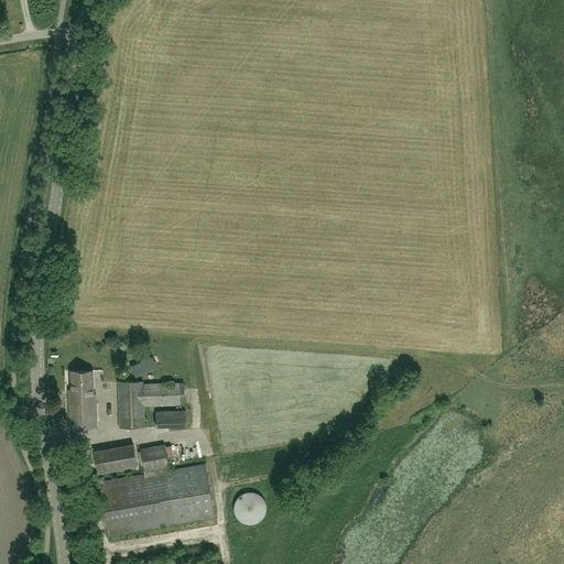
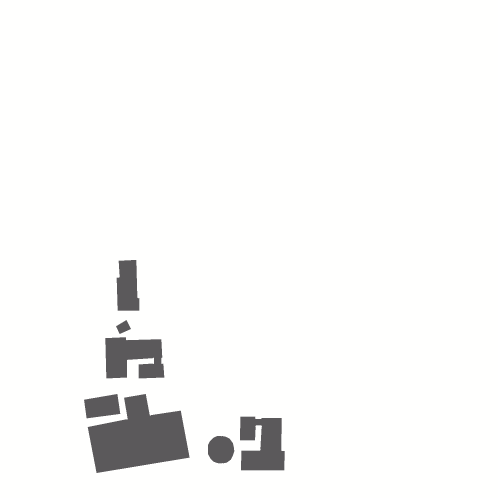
building: [68,370,96,429] -> [116,260,140,311]
building: none -> [240,416,285,471]

